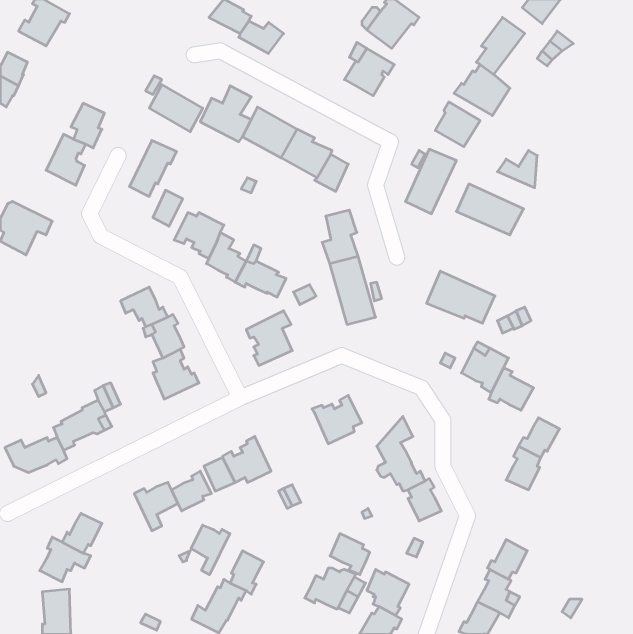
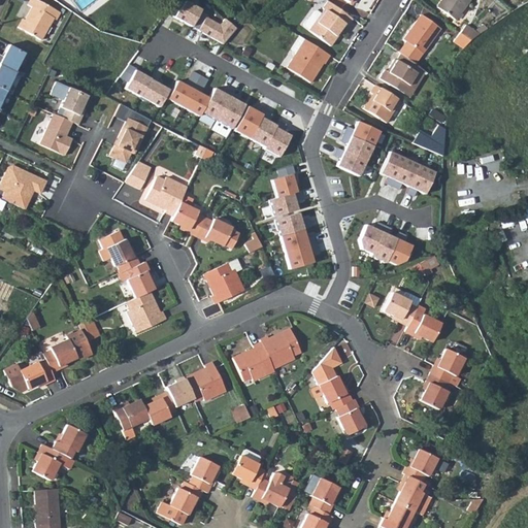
building: none -> [235,342,276,381]
building: [191,525,230,575] -> none
building: [330,534,370,575] -> [234,455,267,489]

